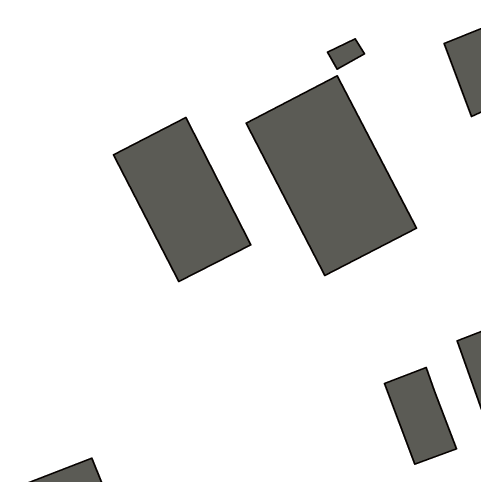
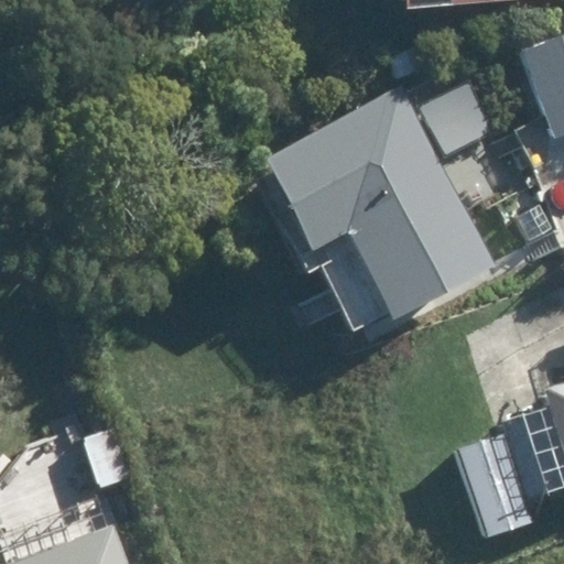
building: [114,118,251,281] -> none

